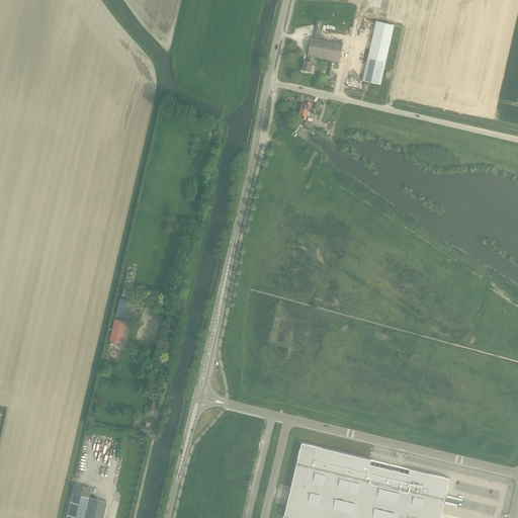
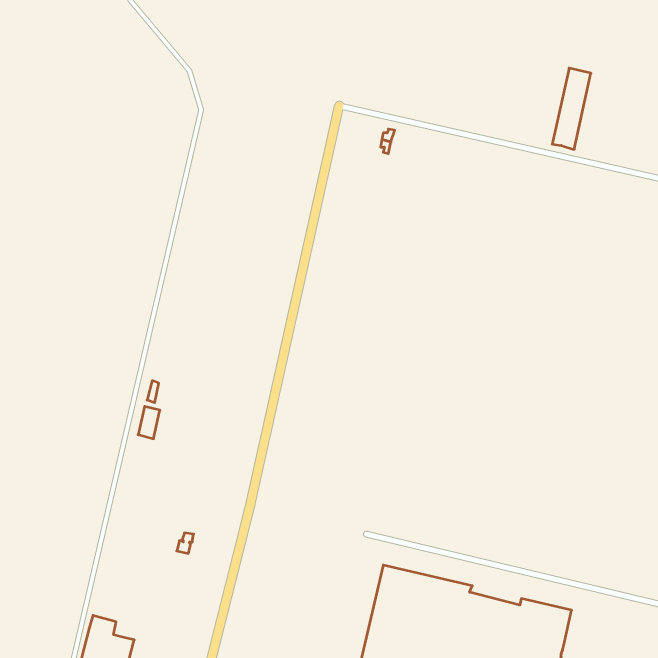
building: [301,21,342,73] -> none
building: [362,22,393,86] -> [552,68,591,149]

